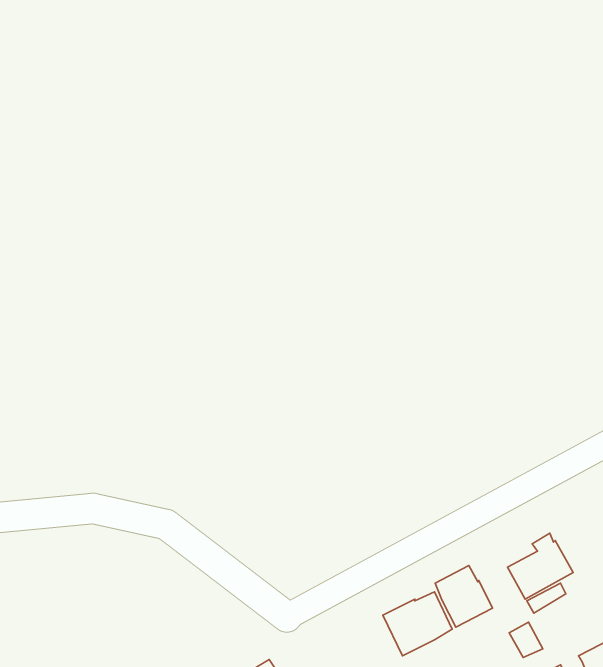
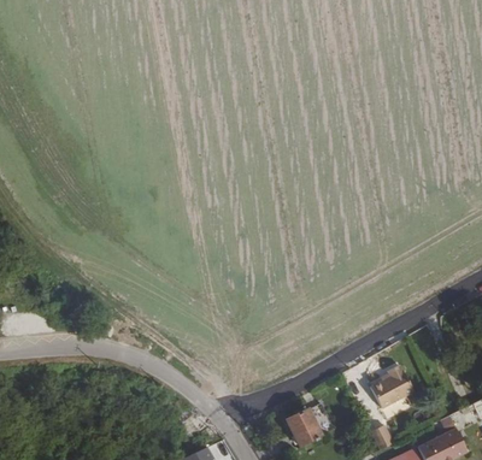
building: [435,566,493,627] -> none

